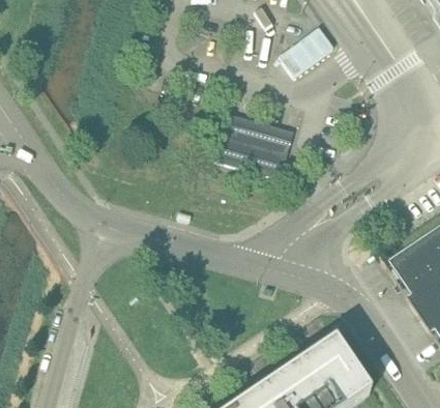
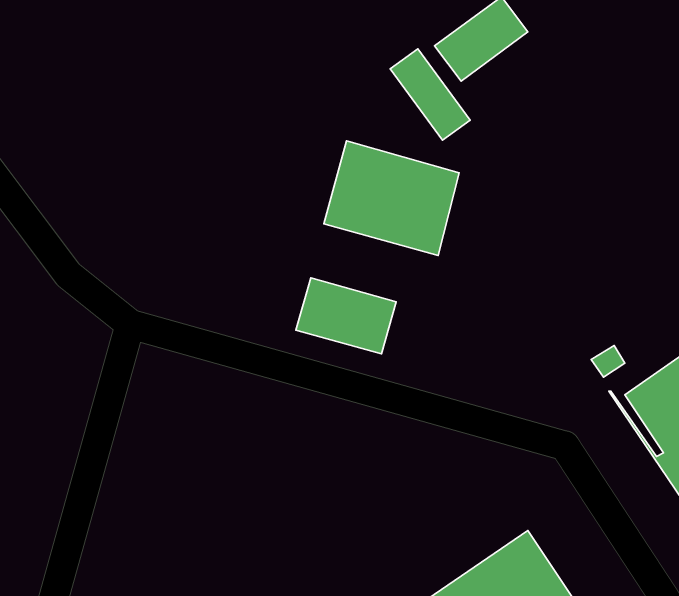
building: none -> [390,49,470,140]
building: none -> [296,278,396,354]

